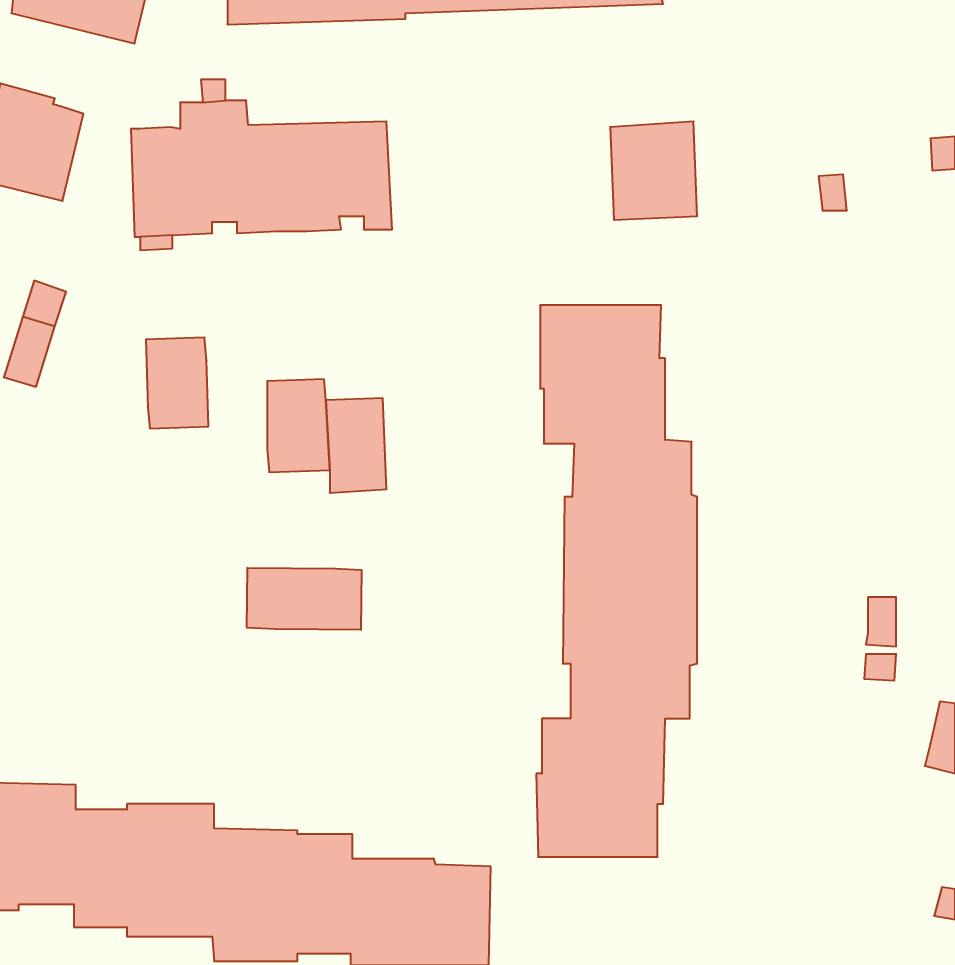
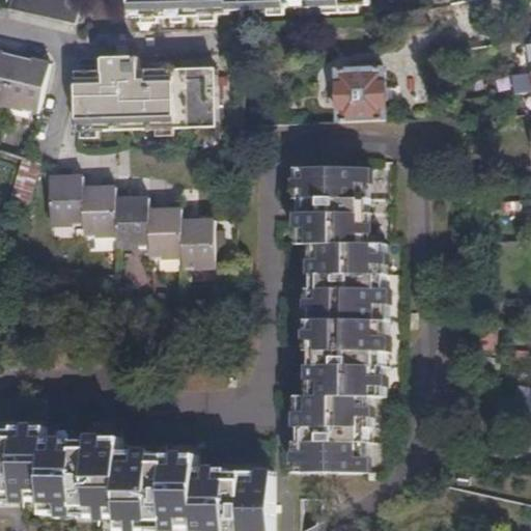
building: none -> [46,174,81,223]
building: none -> [113,195,146,247]
building: [247,568,362,630] -> none

